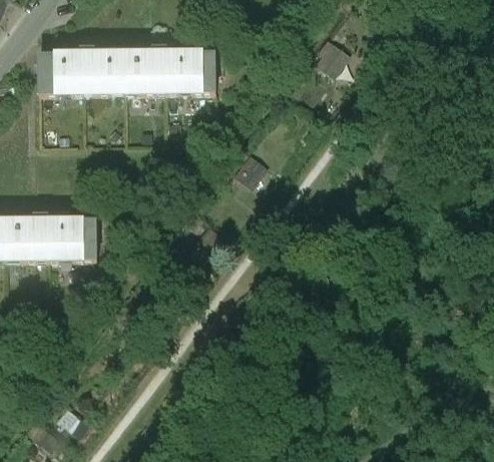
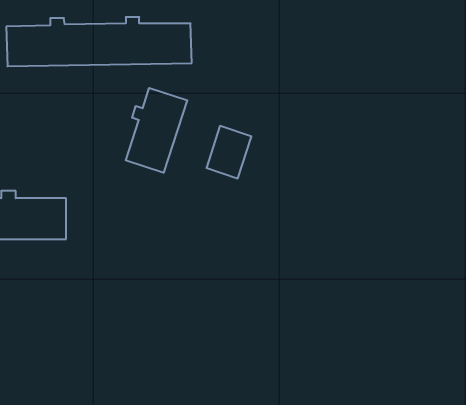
building: [322,39,352,73] -> none
building: none -> [126,88,187,173]

